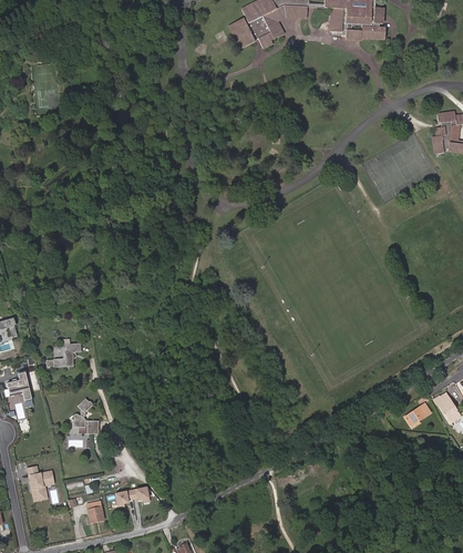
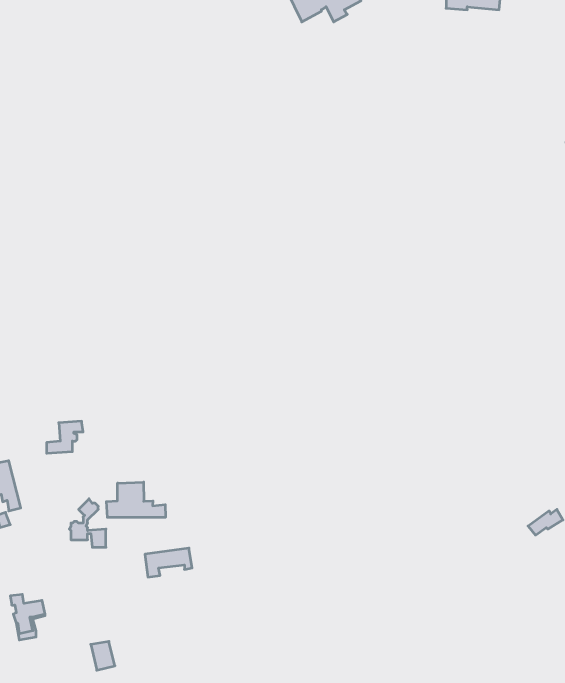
building: none -> [106,482,165,517]
building: [113,487,147,508] -> [145,548,192,577]

